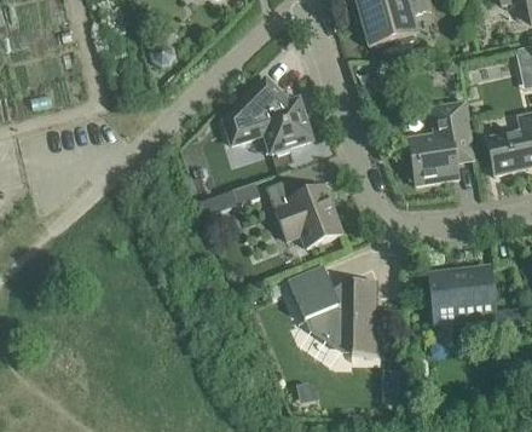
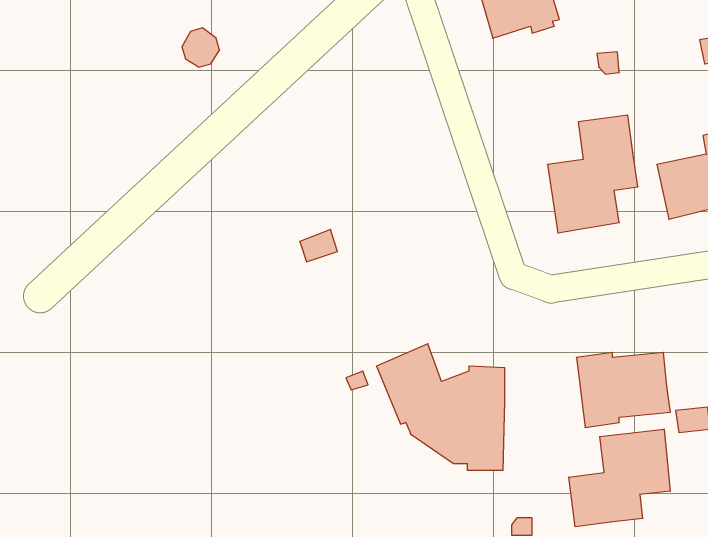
building: [224,79,311,154] -> none
building: [266,182,341,247] -> none
building: none -> [569,429,670,527]

